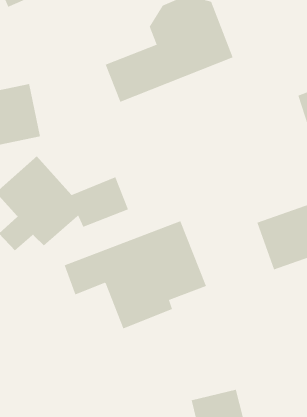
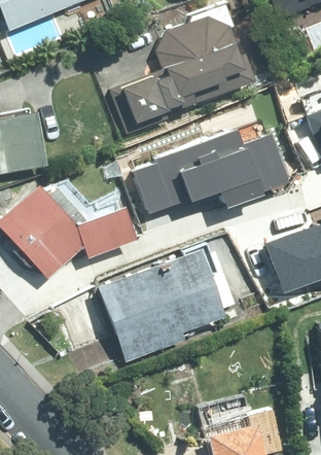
building: none -> [137,133,288,214]

